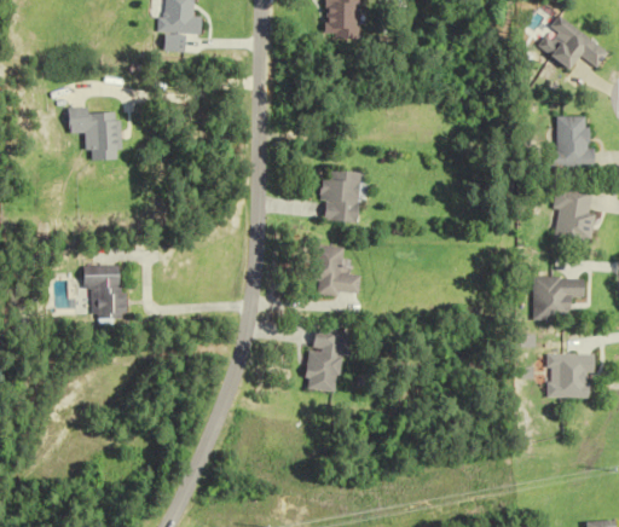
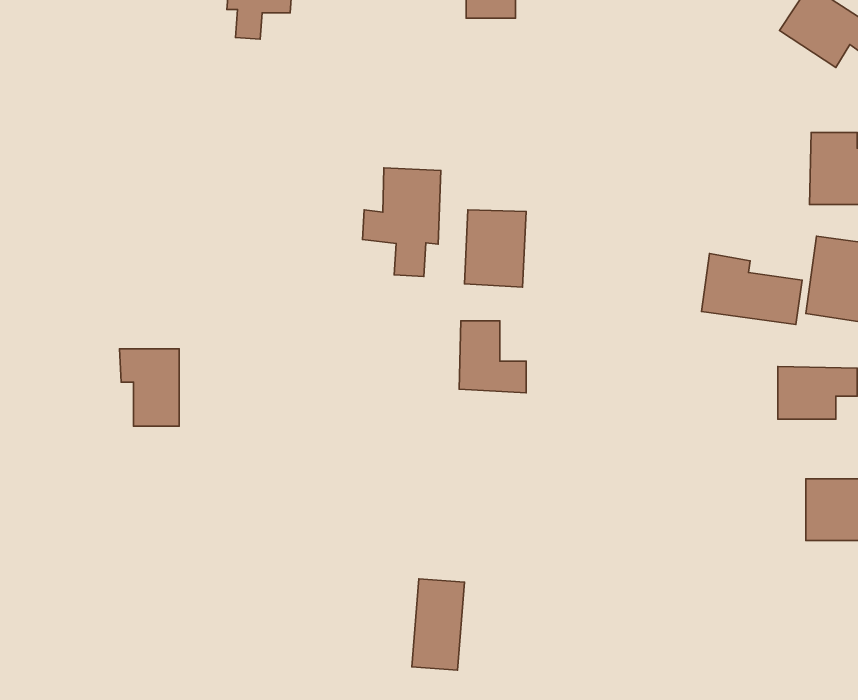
building: [65,108,118,160] -> none
building: none -> [363,168,441,276]
building: none -> [701,253,802,324]
building: [307,329,343,392] -> [412,579,465,670]

